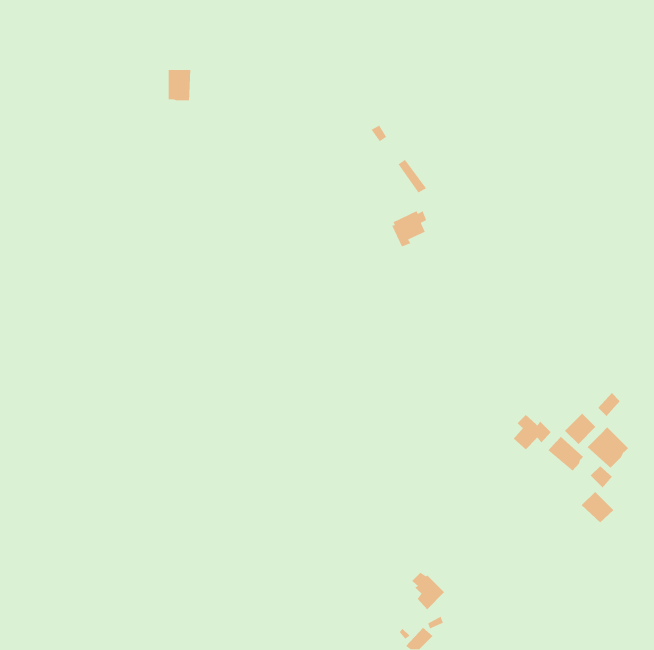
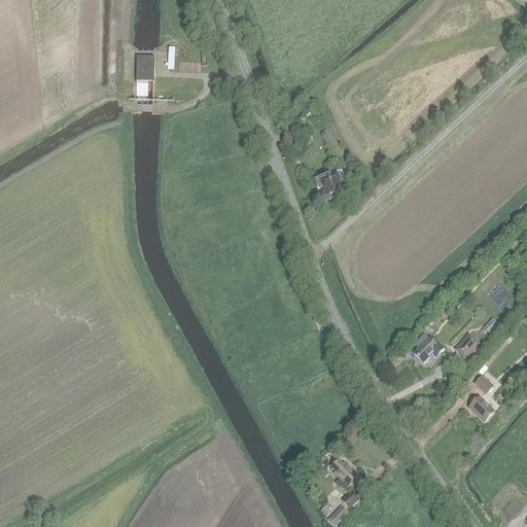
building: [587,427,629,468] -> none
building: [547,436,584,472] -> none

